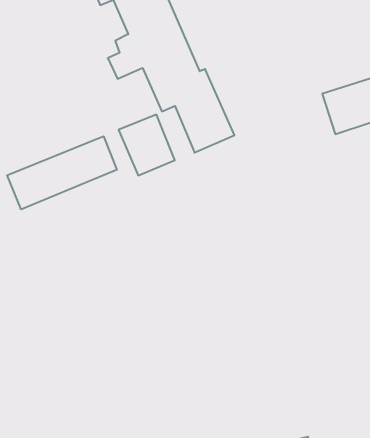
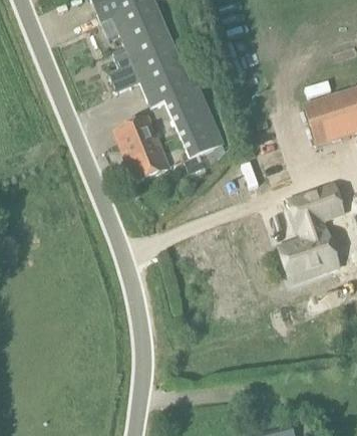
building: [7,136,117,209] -> none
building: none -> [278,183,344,282]

